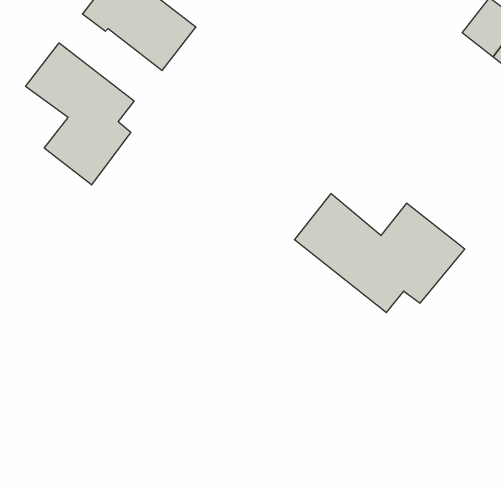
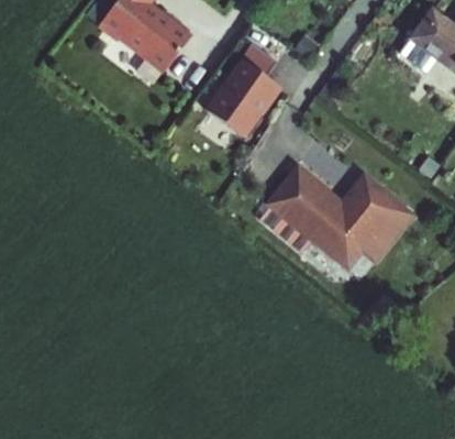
building: none -> [202,39,279,140]
building: [26,43,134,185] -> none

